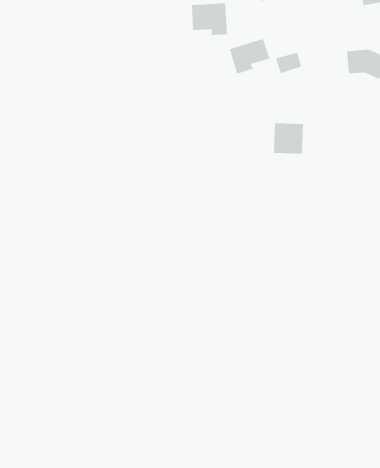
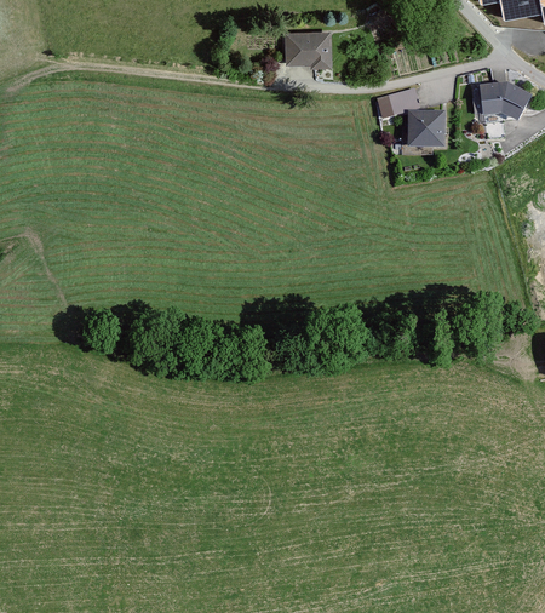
building: [229,38,270,74] -> none
building: [273,123,304,154] -> [407,113,444,151]

